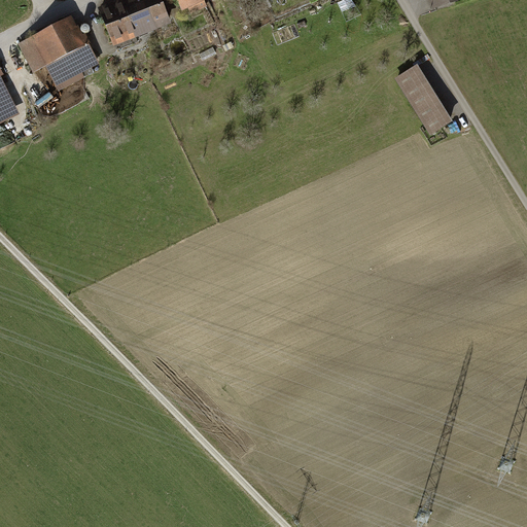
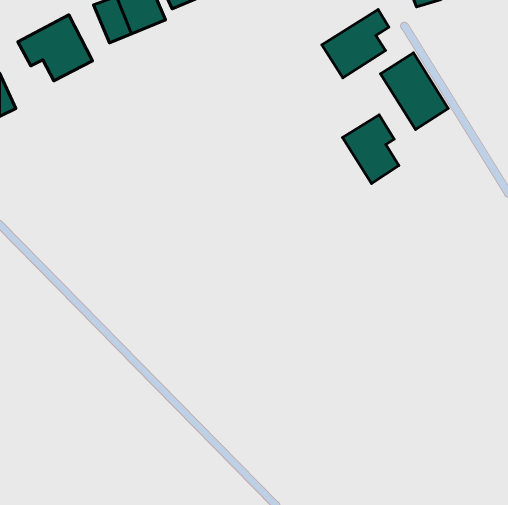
building: none -> [322,10,389,78]
building: none -> [342,115,399,184]

